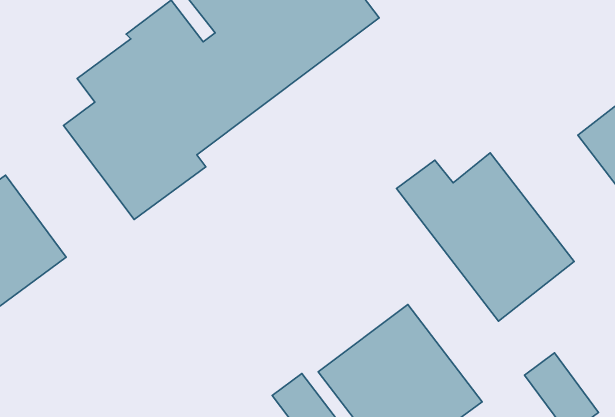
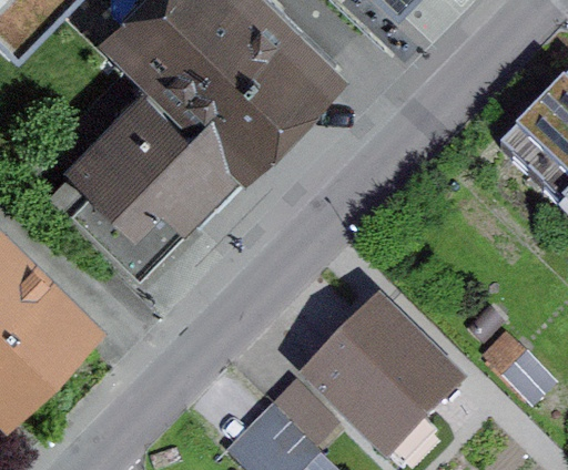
building: [397,153,574,321] -> none

